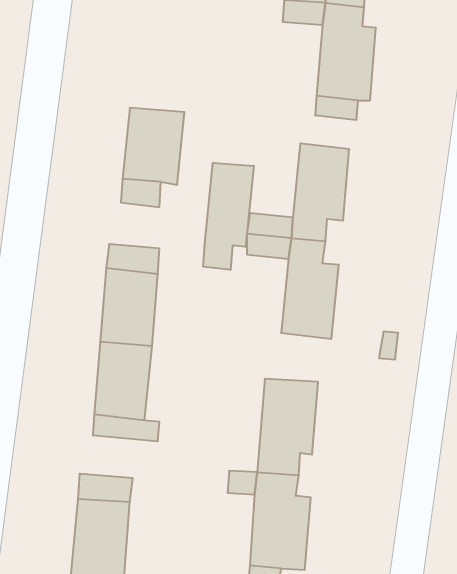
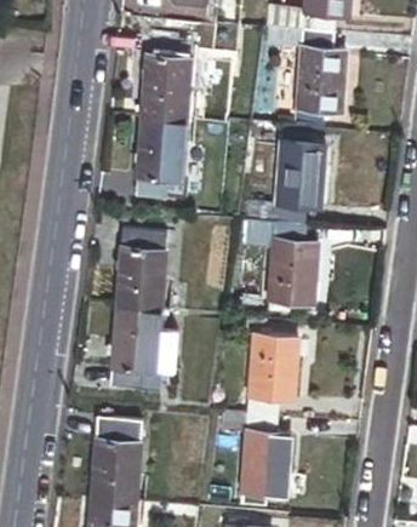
building: none -> [143,51,194,118]
building: [203,163,254,270] -> none

